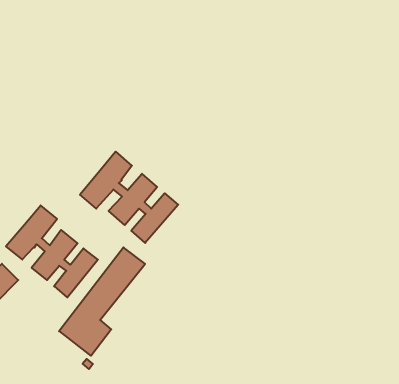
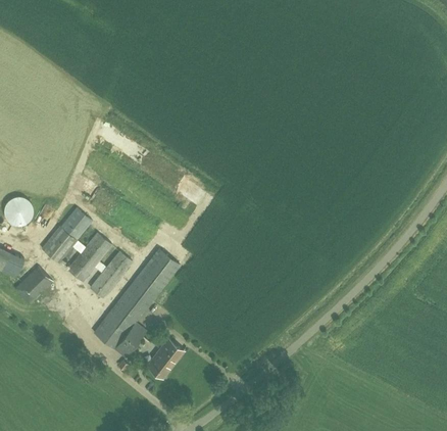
building: [80,152,178,243] -> none
building: none -> [147,339,183,378]

